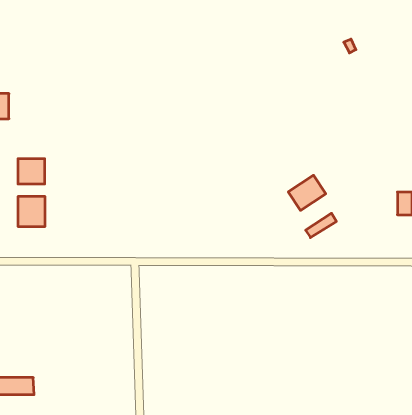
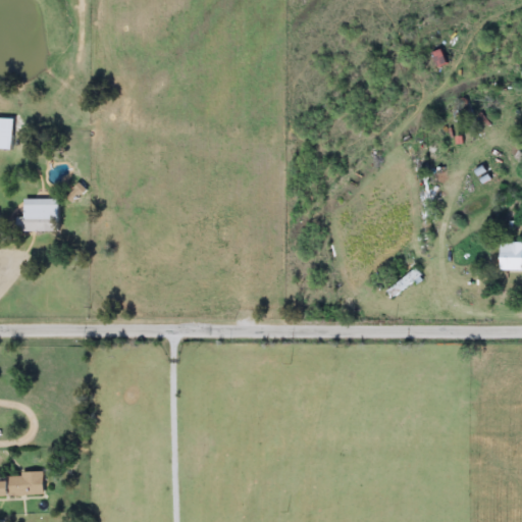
building: [288,175,326,210] -> none
building: [18,196,45,227] -> none

